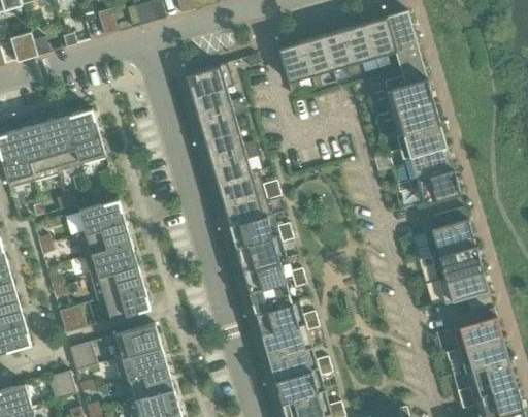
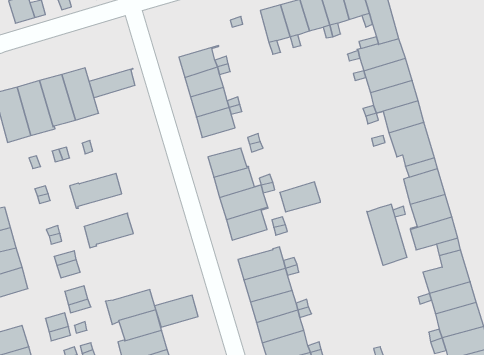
building: [185,63,233,98] -> none
building: none -> [89,68,135,98]
building: [216,173,257,204] -> none
building: [77,199,124,233] -> none
building: [84,244,136,279] -> none
building: none -> [367,204,407,265]
building: [248,282,291,314] -> [280,182,320,212]
building: [103,286,150,320] -> none
building: [113,323,160,357] -> [155,295,198,327]

